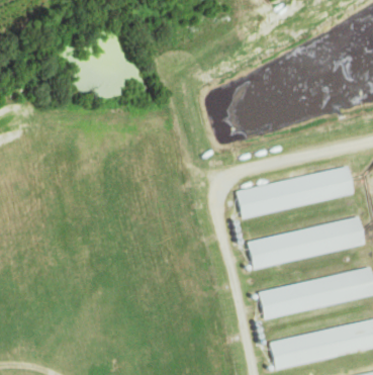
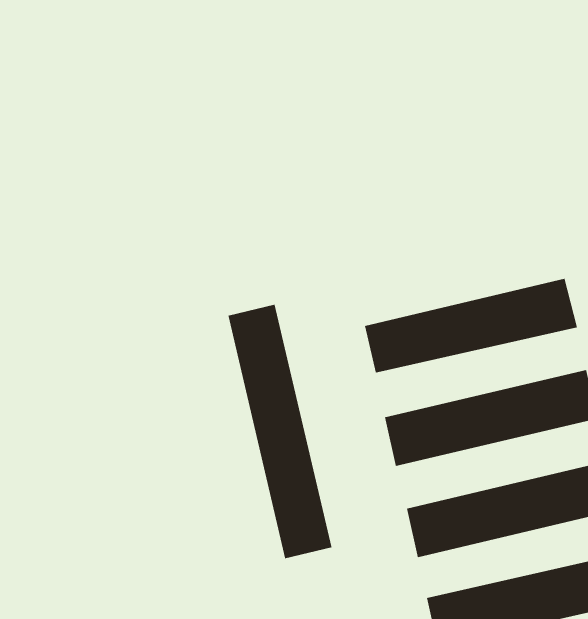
building: none -> [228,304,332,559]

